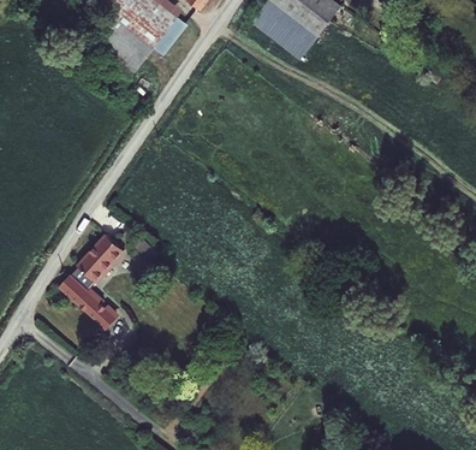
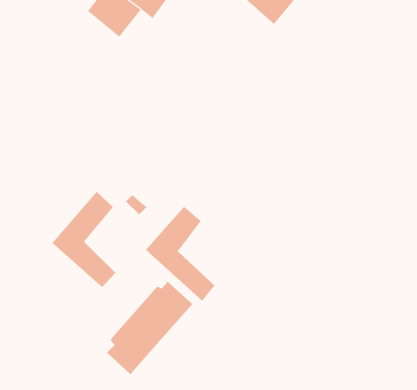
building: none -> [145,206,215,302]
building: none -> [106,281,193,375]

